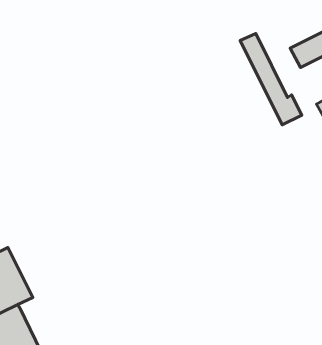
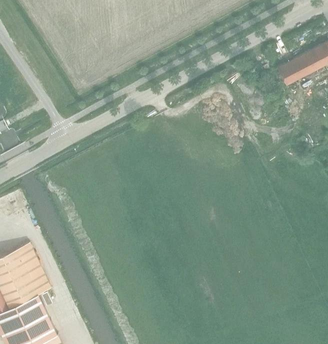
building: [240,34,302,125] -> none

